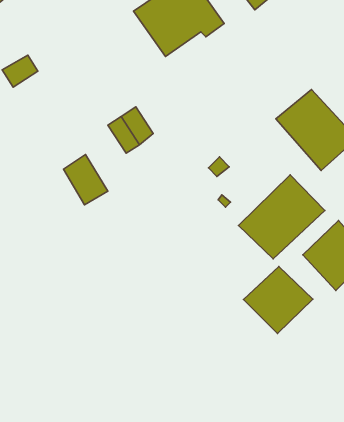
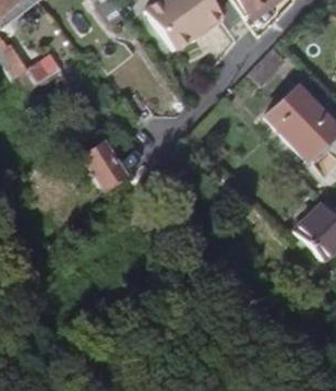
building: [238,175,325,259] -> none
building: [243,267,313,333] -> none

